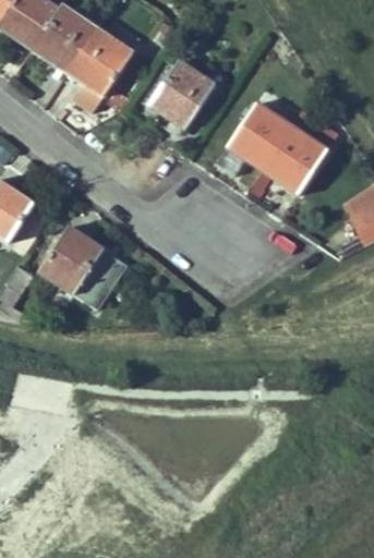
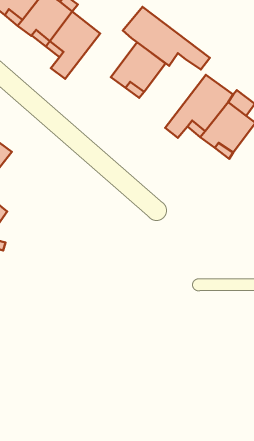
building: none -> [123,7,210,70]
building: [39,227,126,308] -> none

